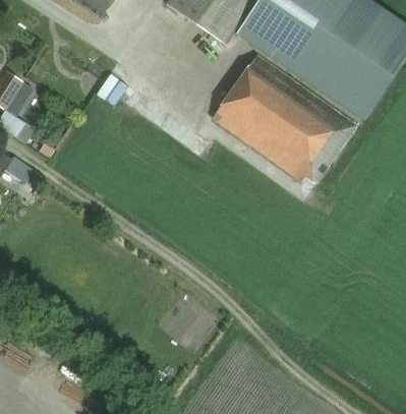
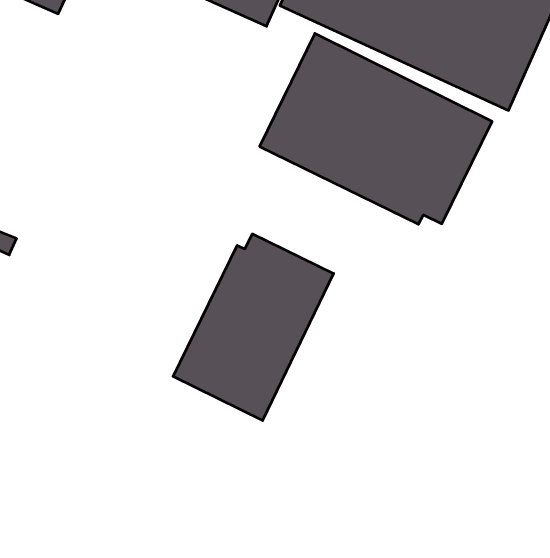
building: none -> [173,234,334,421]

